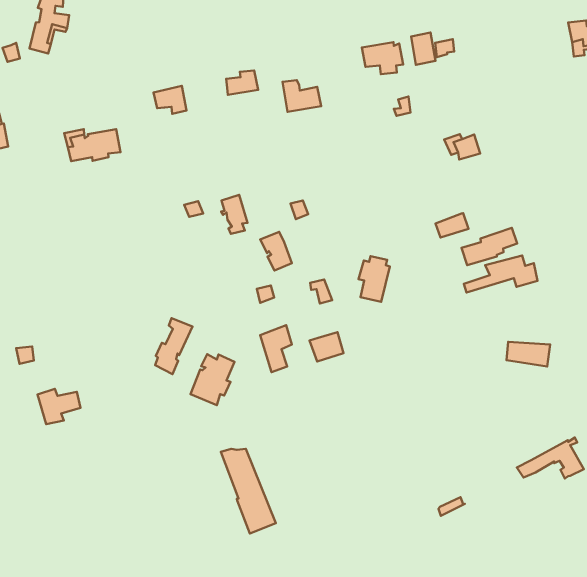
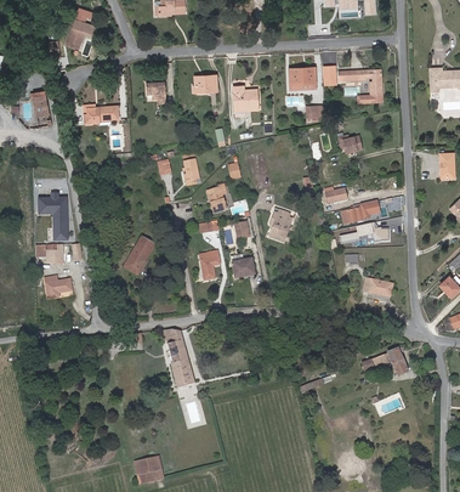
building: none -> [357,69,382,102]
building: none -> [36,199,67,242]
building: [190,354,234,405] -> none

